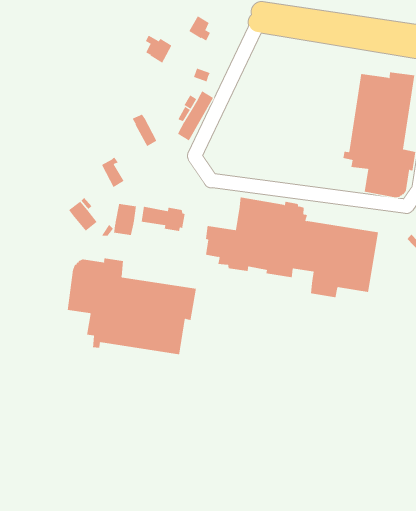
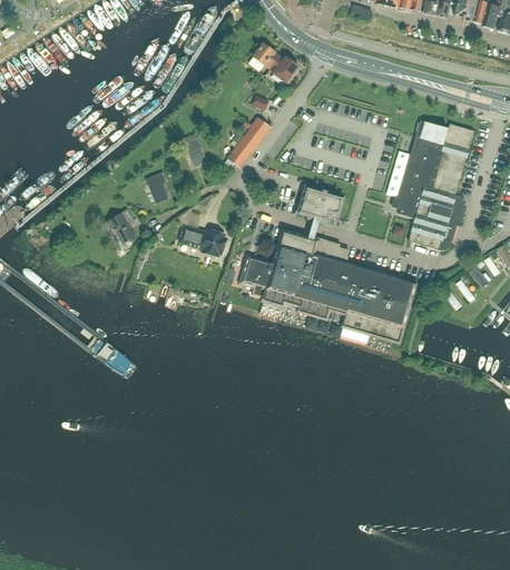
building: [145,34,172,63] -> [268,50,296,81]
building: none -> [297,186,343,223]
building: [113,203,137,236] -> none
building: [67,258,197,355] -> none

